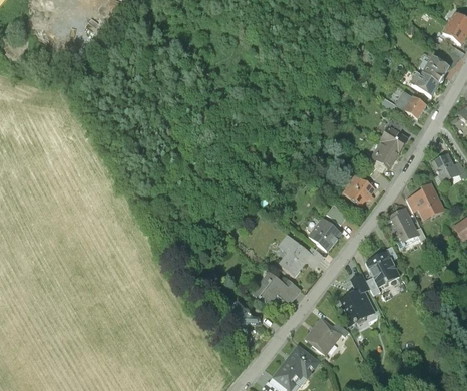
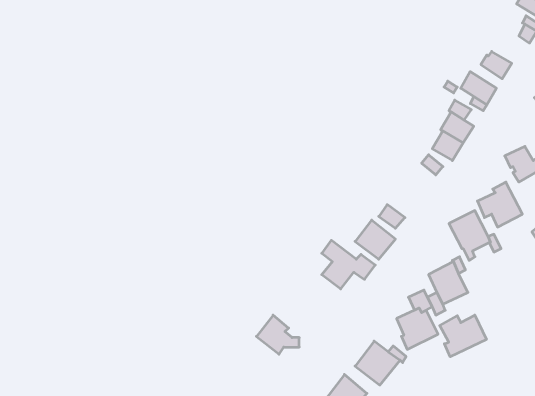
building: [421,57,449,83] -> none
building: [341,172,374,204] -> none
building: [251,271,300,303] -> none
building: none -> [440,315,486,357]

